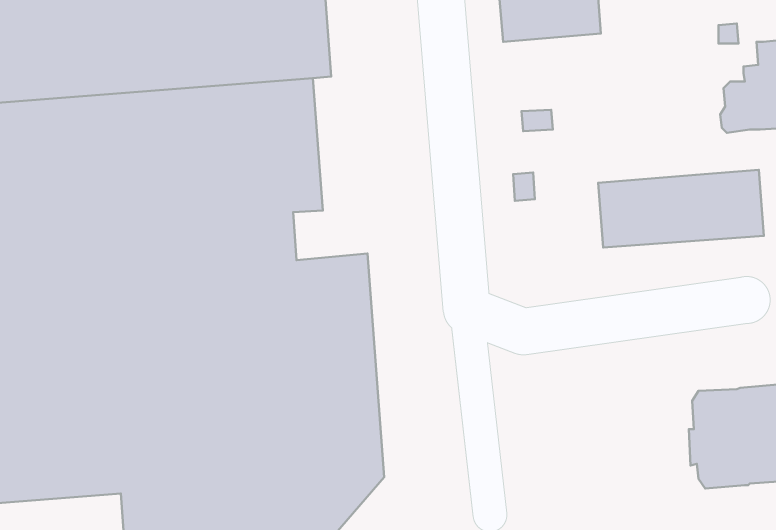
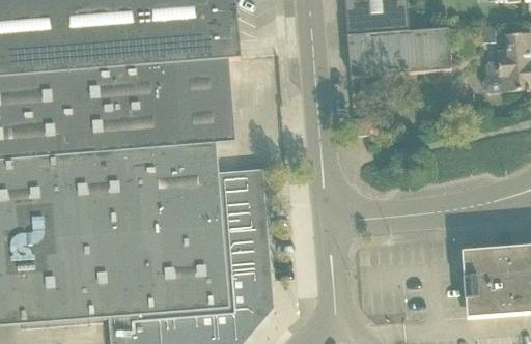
building: [598,170,764,248] -> [346,26,450,75]

